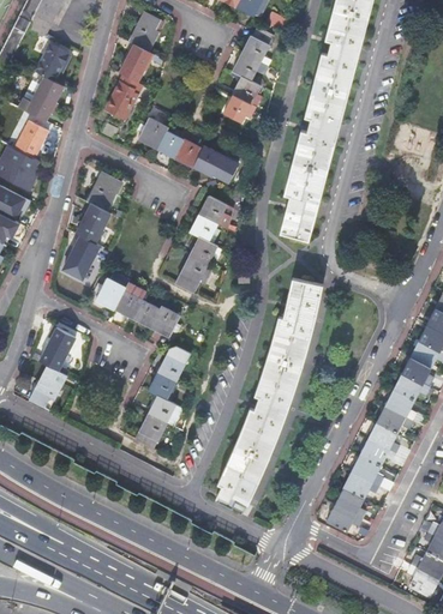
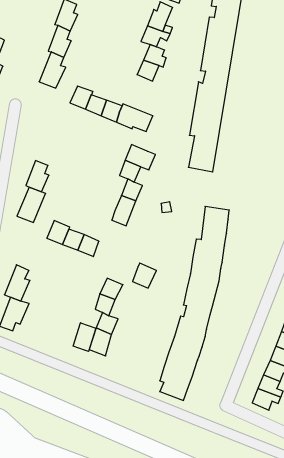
building: [89,173,118,211] -> none
building: [151,305,181,336] -> [133,263,156,288]
building: none -> [73,323,96,351]

